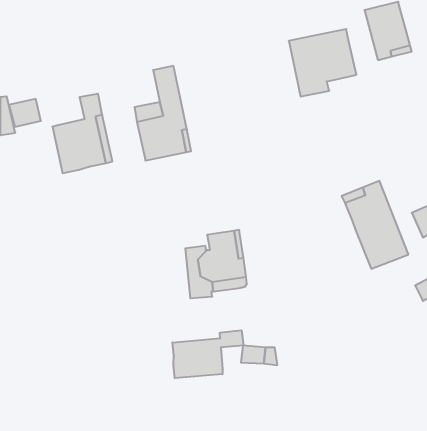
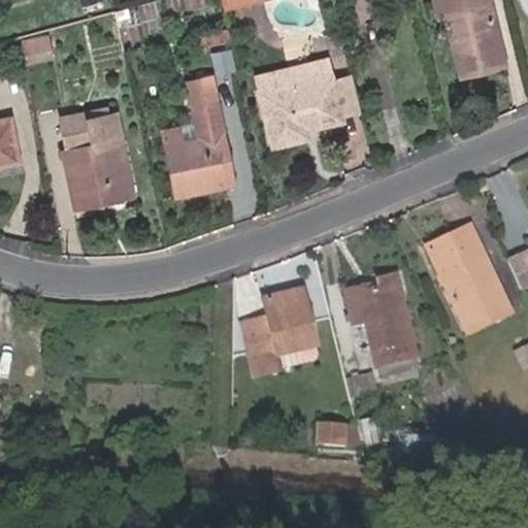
building: [289,29,356,97] -> [265,64,348,146]
building: [9,99,41,127] -> [70,119,109,153]
building: none -> [340,274,406,364]
building: [173,330,243,378] -> none

